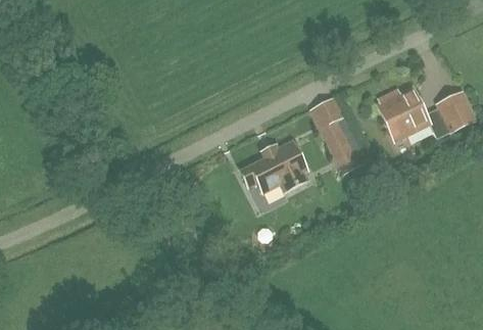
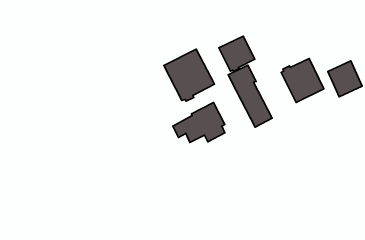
building: none -> [219,36,255,71]
building: none -> [164,49,214,101]

